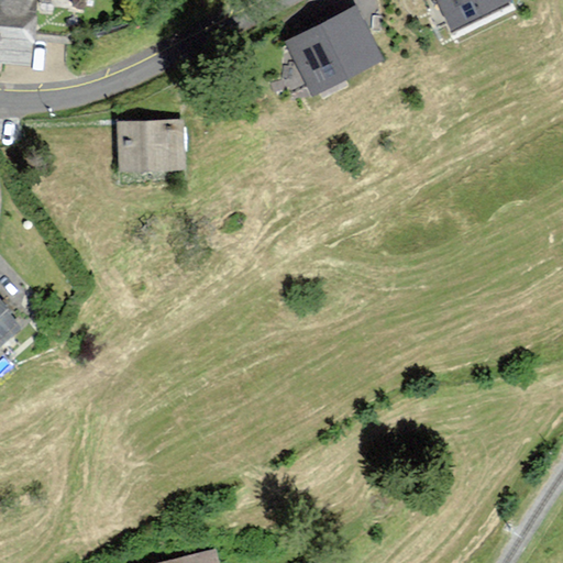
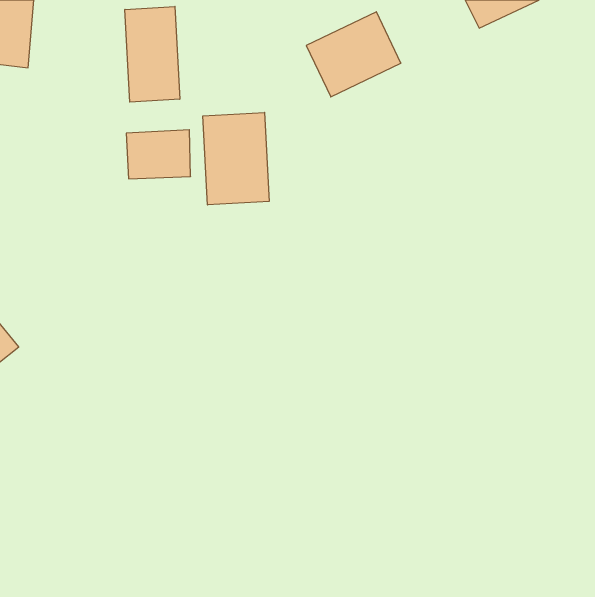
building: none -> [125,6,180,102]
building: none -> [203,112,269,205]

